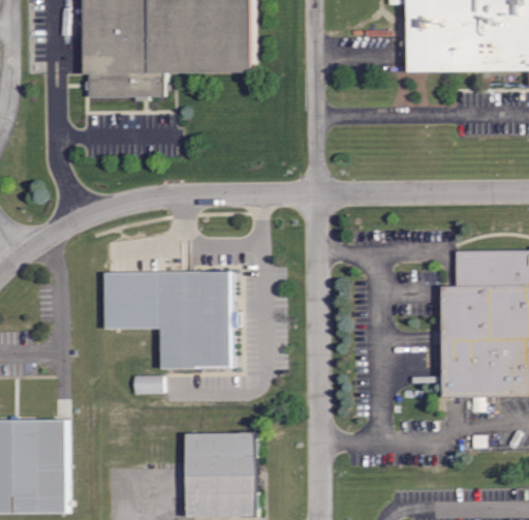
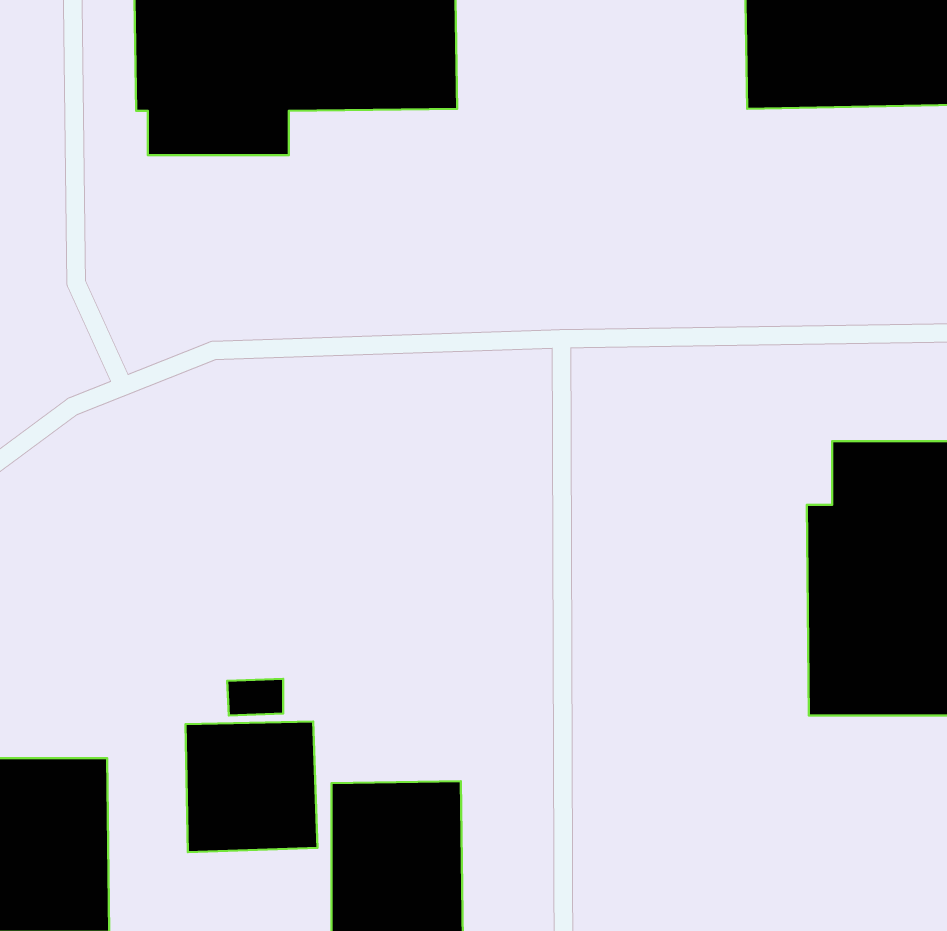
building: [105,269,231,367] -> none
building: none -> [185,721,318,852]

